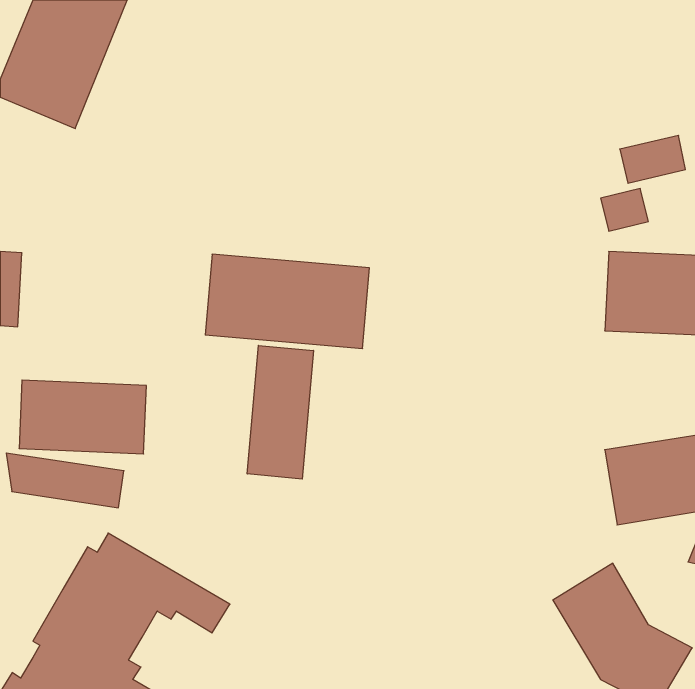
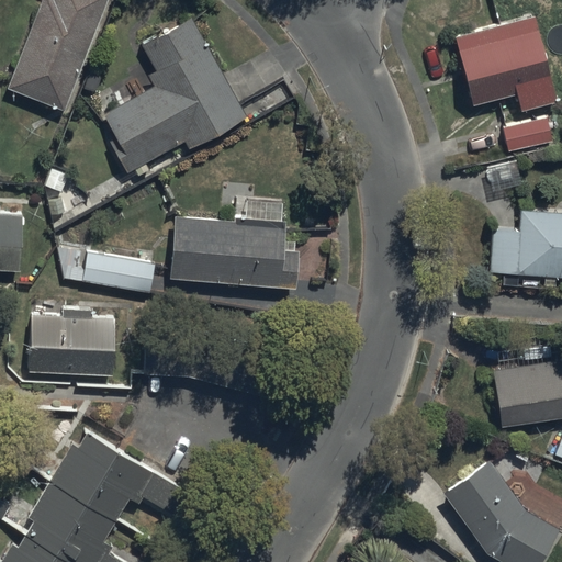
building: none -> [98,14,249,177]
building: none -> [454,16,555,114]
building: [247,345,313,479] -> none
building: [6,453,124,508] -> [61,251,156,295]

